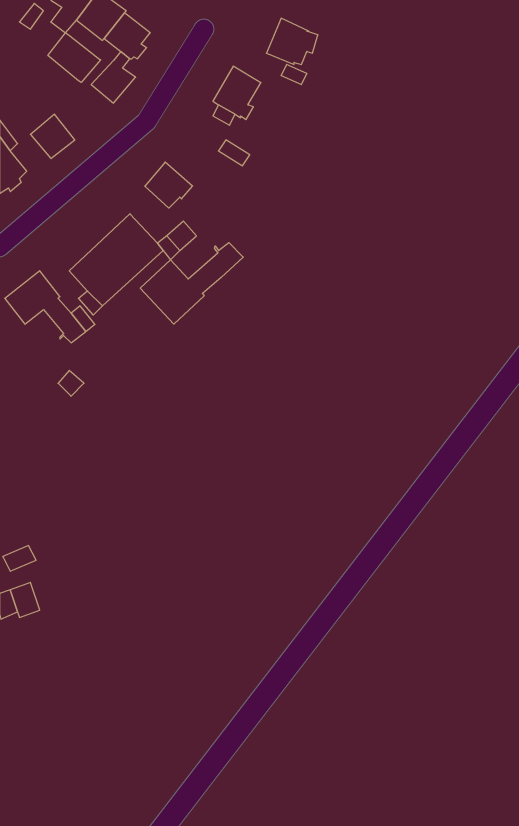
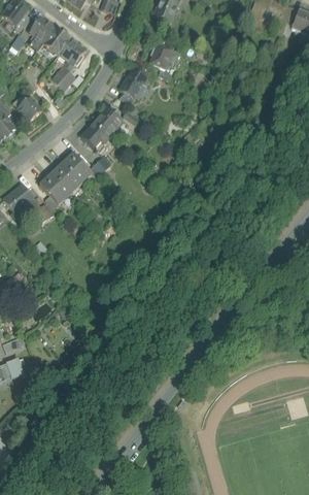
building: [48,33,101,82] -> none
building: none -> [93,106,123,136]
building: [140,243,243,324] -> none

